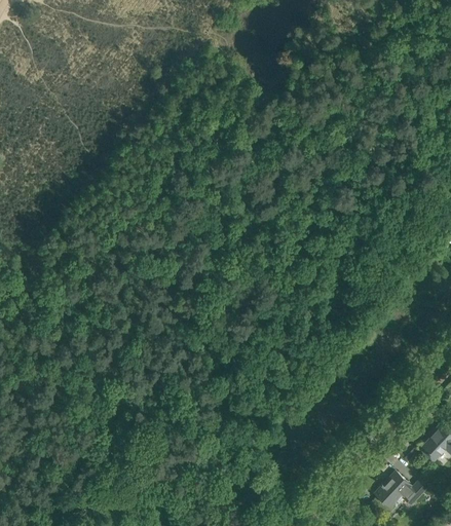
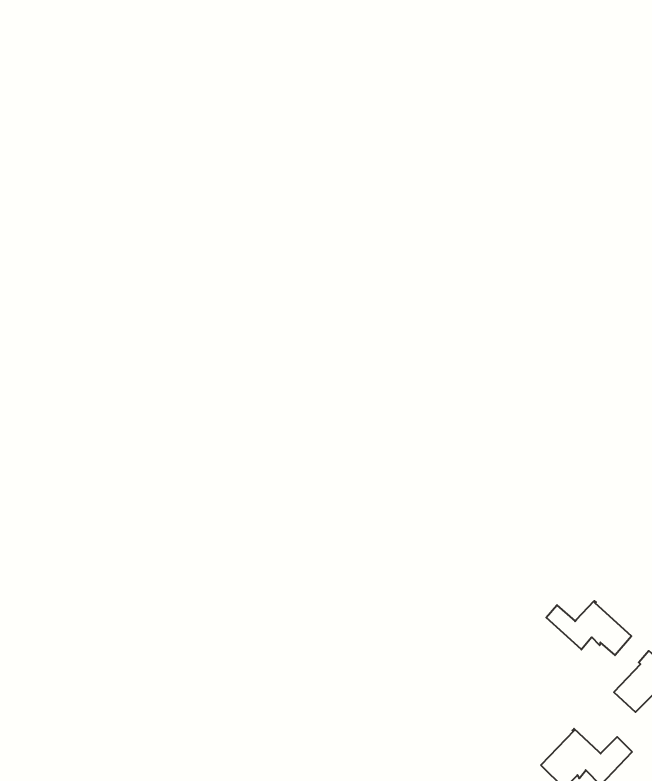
building: none -> [546,601,631,655]

